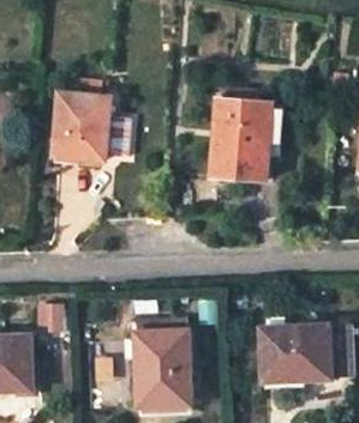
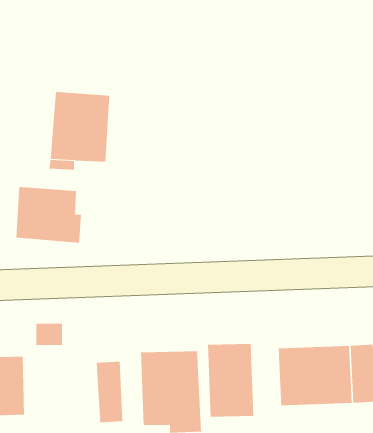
building: [211,98,277,177] -> none
building: none -> [16,186,82,244]
building: none -> [208,343,254,418]

